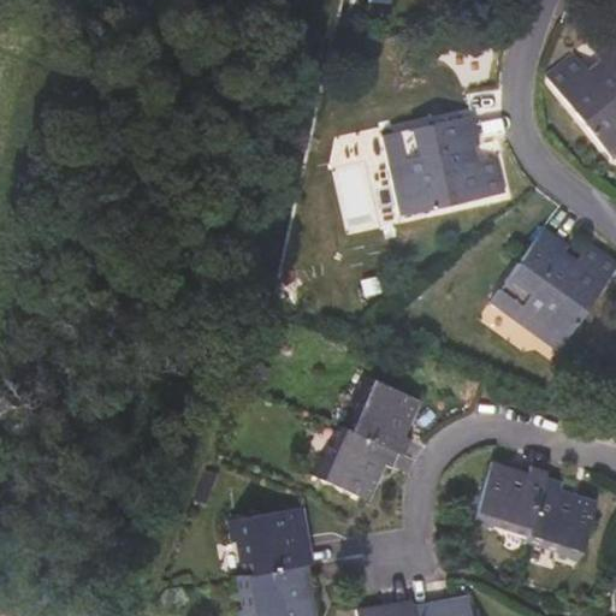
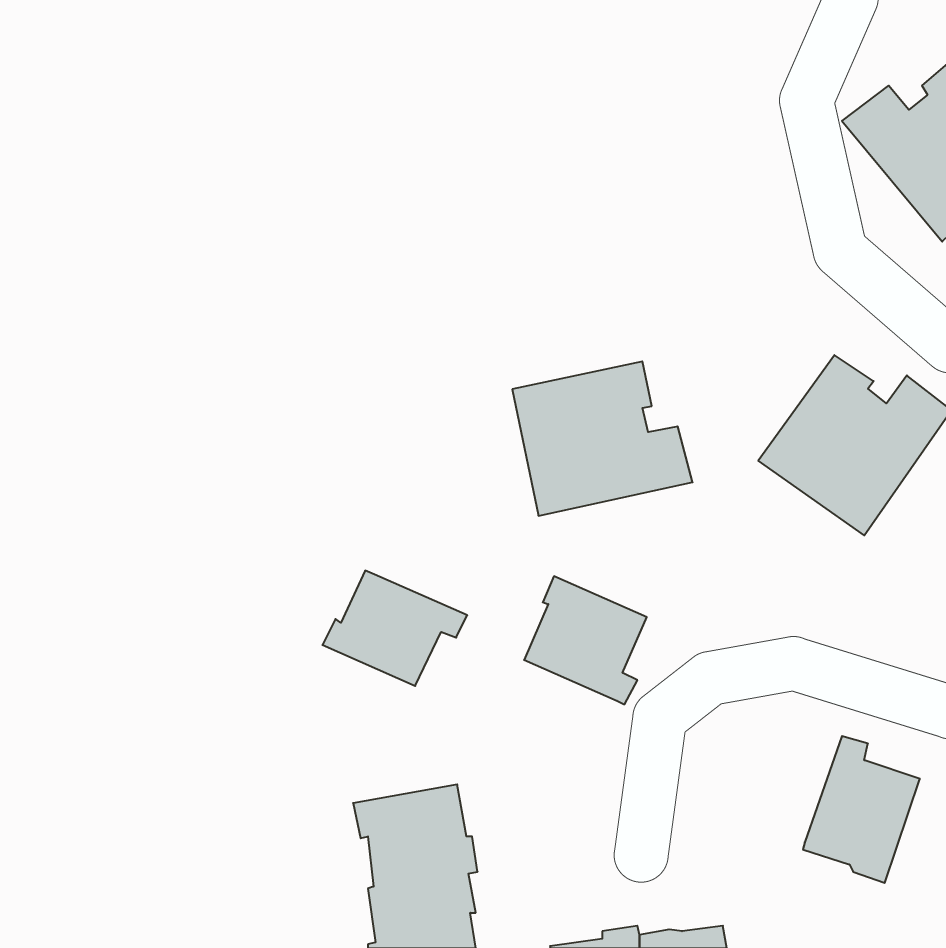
building: [387,116,504,215] -> [512,361,693,516]
building: [308,425,402,499] -> [322,571,467,686]
building: [470,464,549,545] -> none

